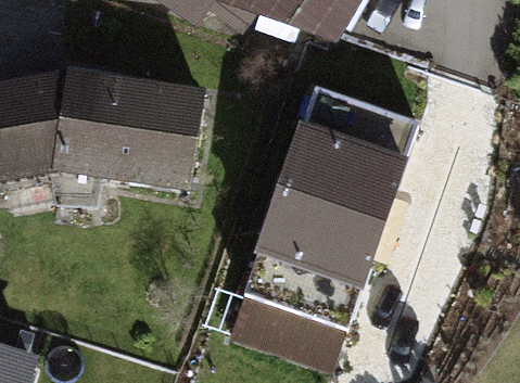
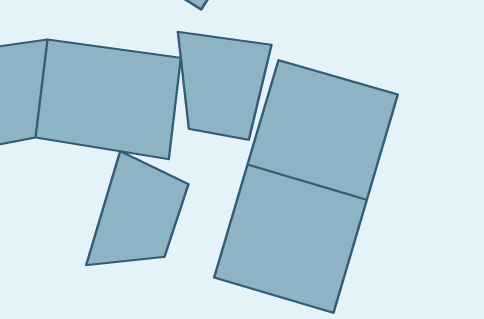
building: none -> [178,32,271,140]
building: none -> [86,151,189,265]

